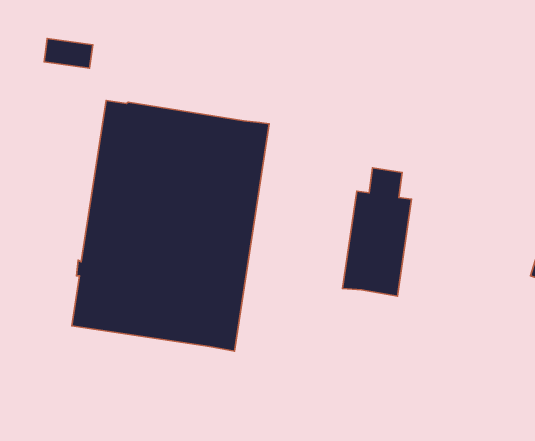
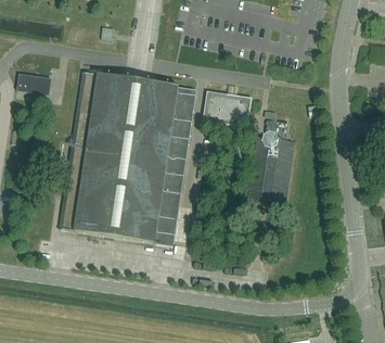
building: [44,38,93,68] -> [17,73,51,93]
building: none -> [203,89,252,126]

